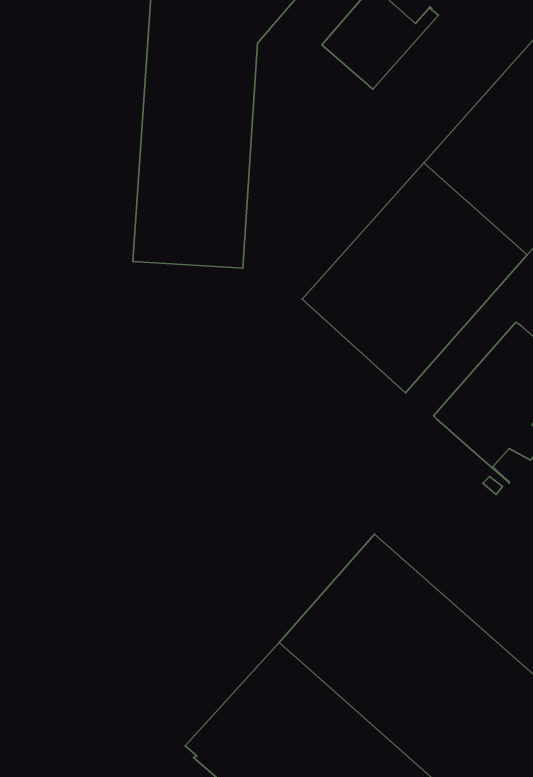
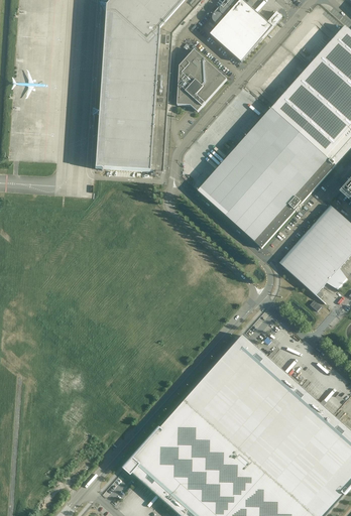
building: none -> [177,48,226,110]

